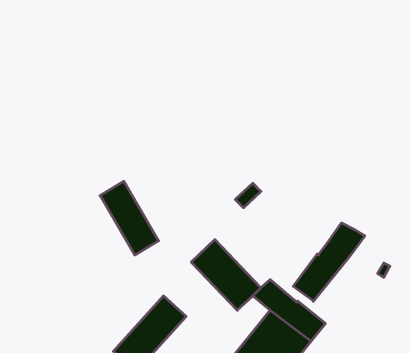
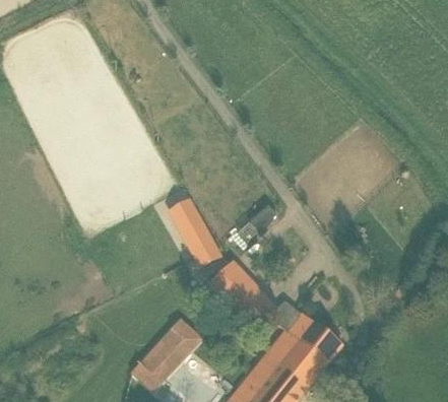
building: [100,181,159,255] -> [165,194,222,267]
building: [293,223,365,301] -> none

